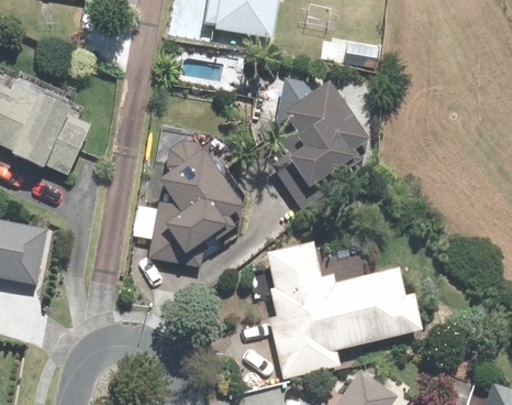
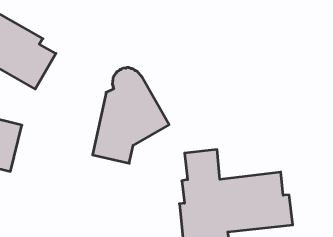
building: [271,77,369,190] -> none

